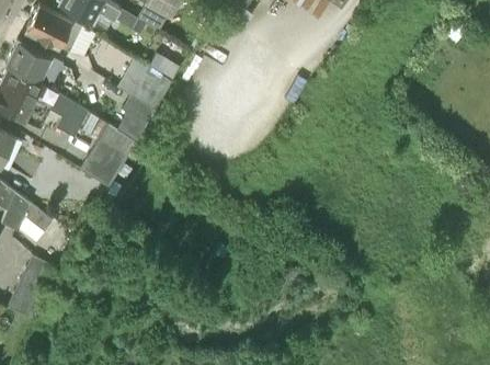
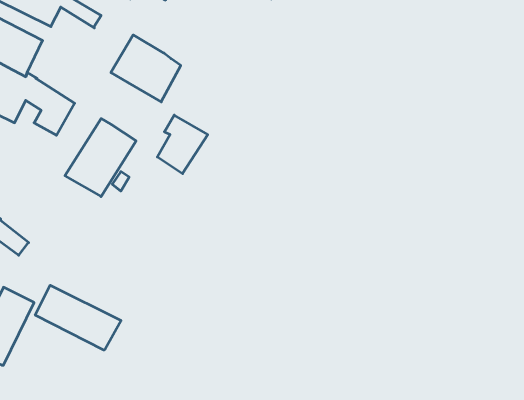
building: [116,95,156,141] -> [157,115,208,174]
building: none -> [35,285,121,350]

